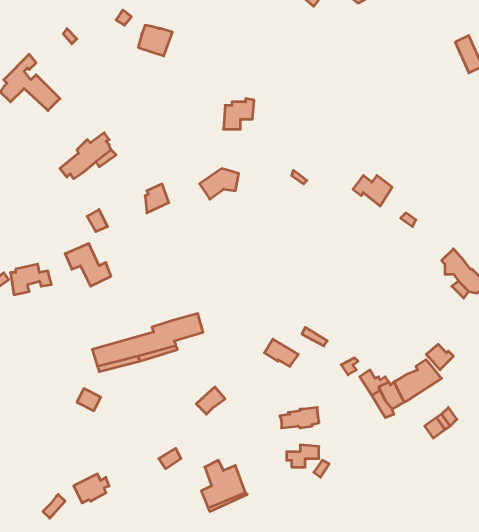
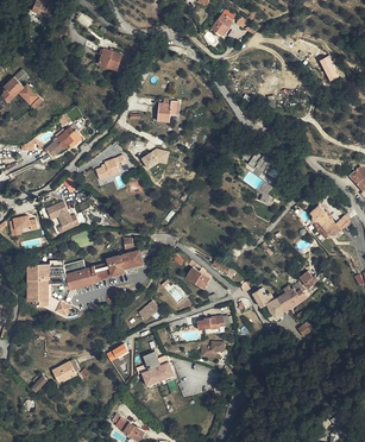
building: none -> [25,265,49,307]

